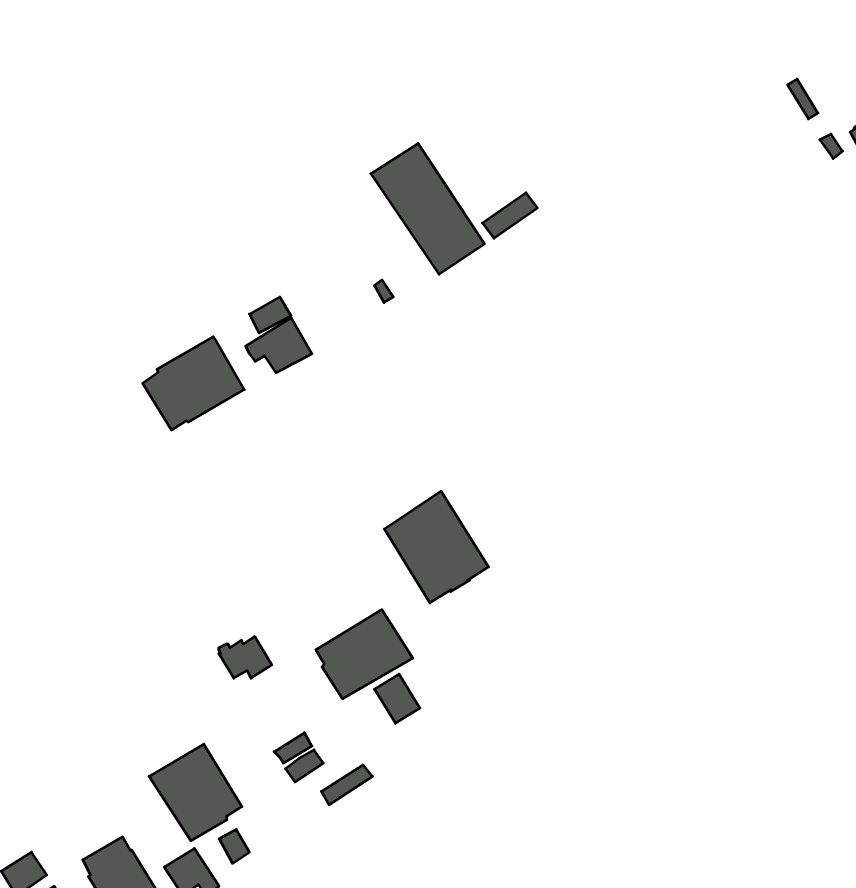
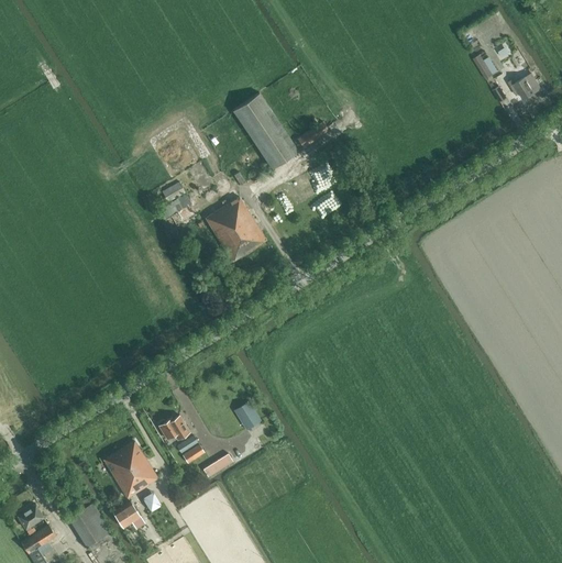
building: [143,337,244,430] -> none
building: [384,491,489,603] -> [206,197,266,262]
building: [316,610,413,699] -> none
building: [219,637,272,678] -> [158,416,189,440]

